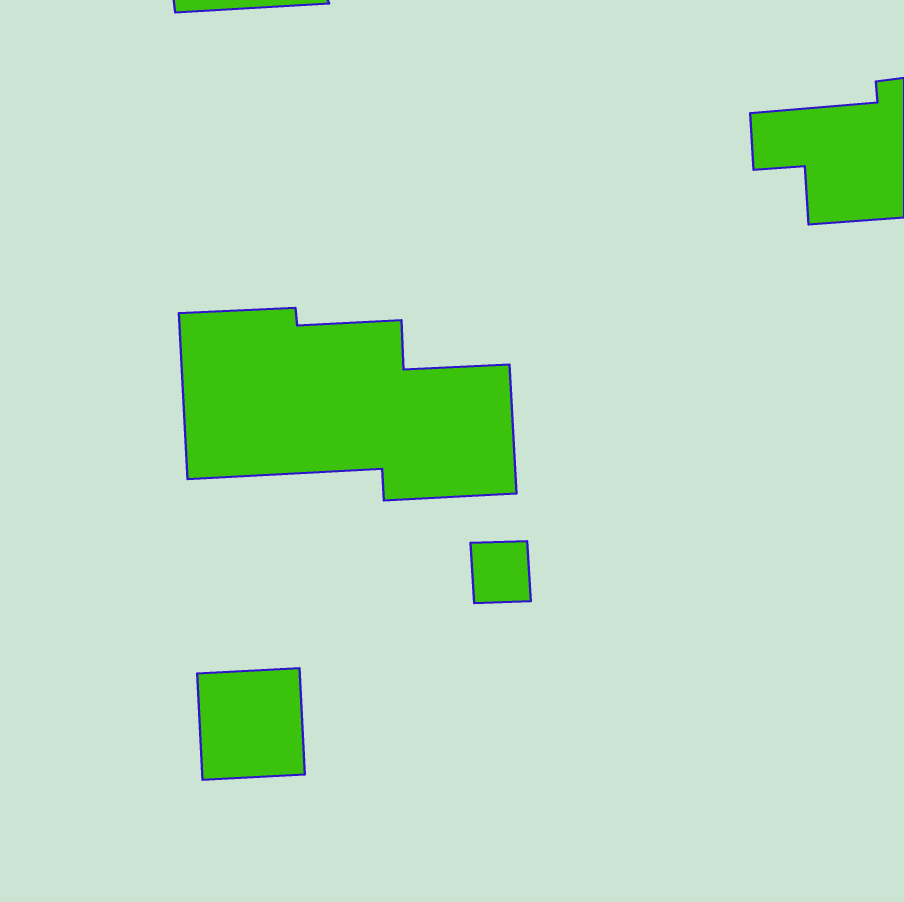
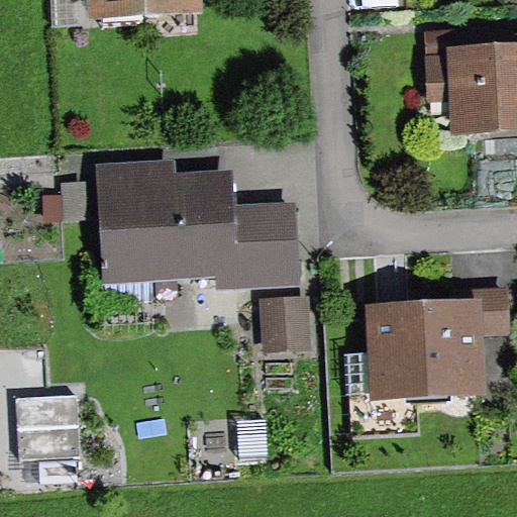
building: none -> [375,293,507,395]
building: [197,668,305,780] -> [17,398,79,461]

